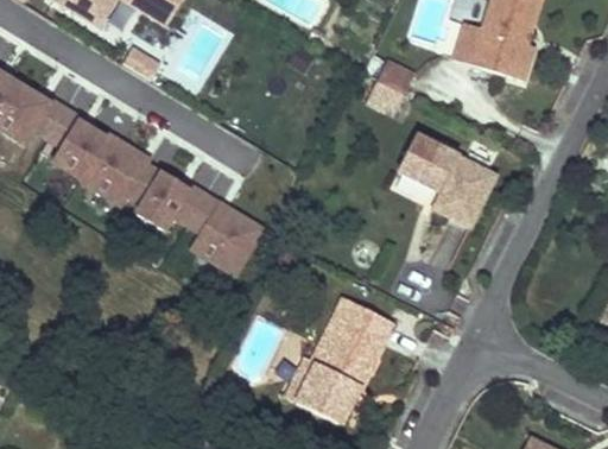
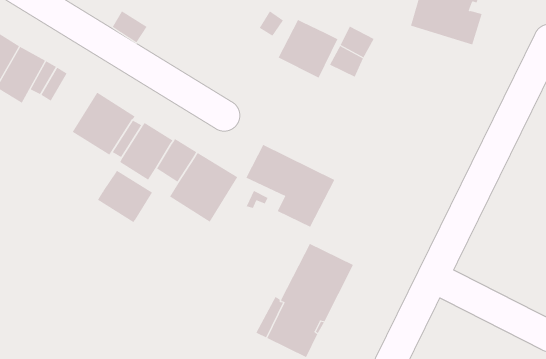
building: none -> [278,19,338,78]
building: [53,115,109,176] -> none
building: [398,135,496,227] -> [246,144,335,227]
building: none -> [97,170,153,223]

